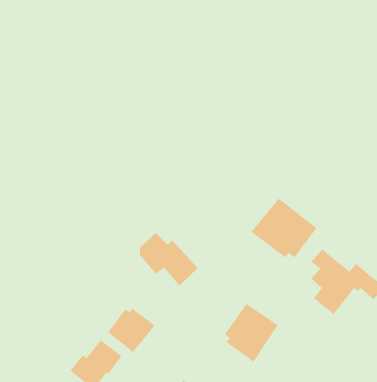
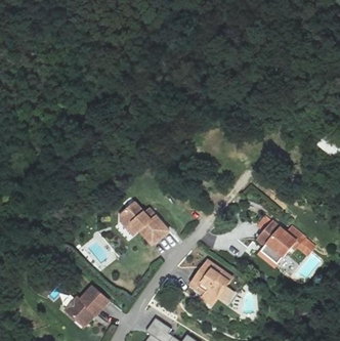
building: [250,198,317,259] -> none
building: [107,308,155,353] -> none

